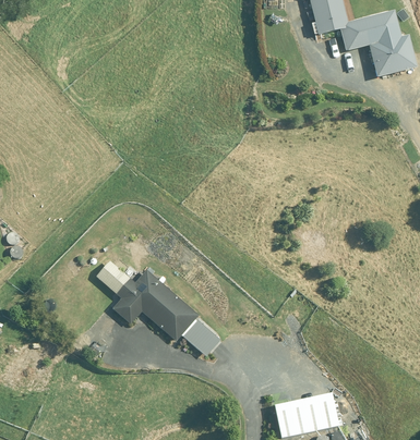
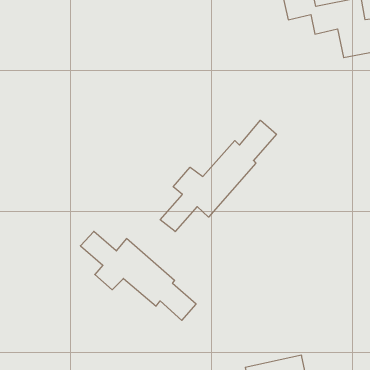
building: none -> [160,120,276,232]

